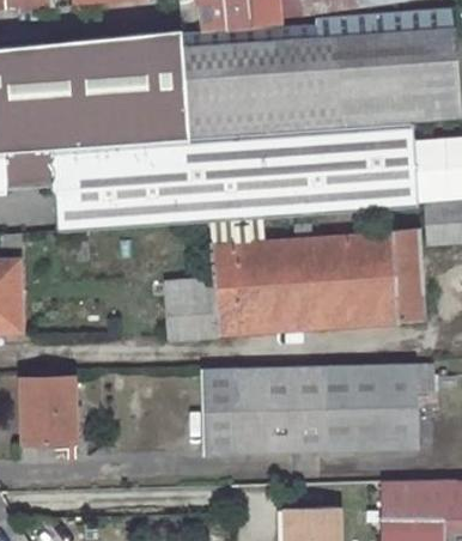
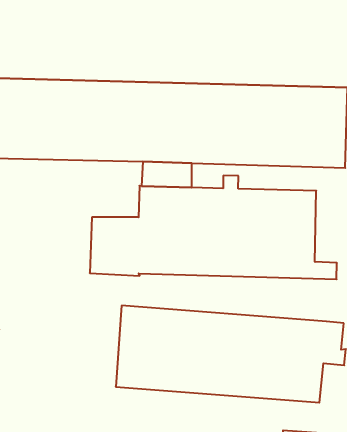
building: [391,227,420,304] -> none

